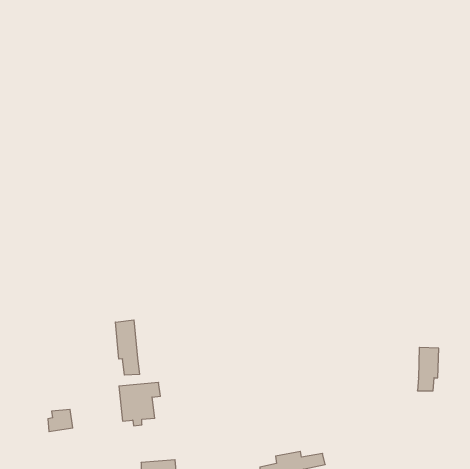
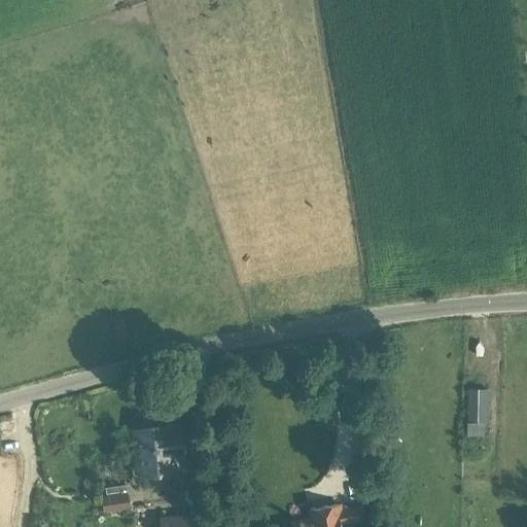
building: [115,320,140,375] -> none
building: [48,409,73,432] -> [100,489,128,514]

